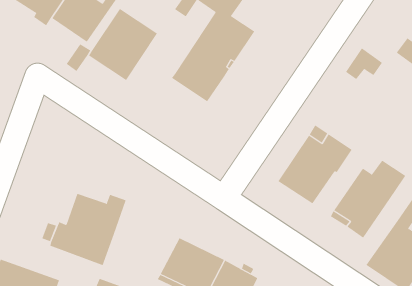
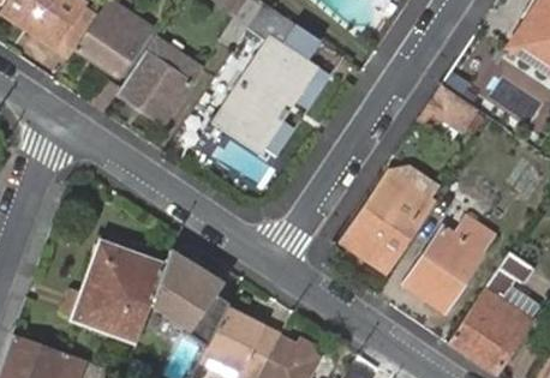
building: none -> [149,259,233,334]

